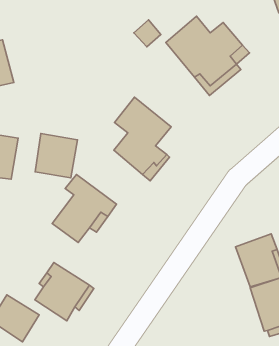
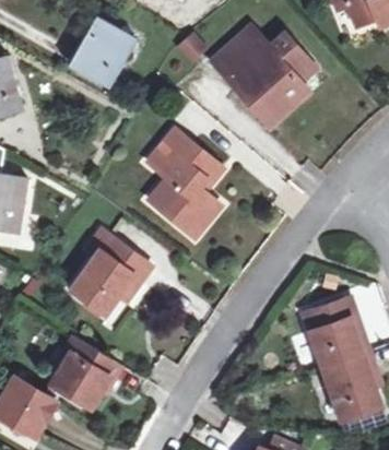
building: none -> [72,21,137,88]
building: [35,133,77,178] -> none

